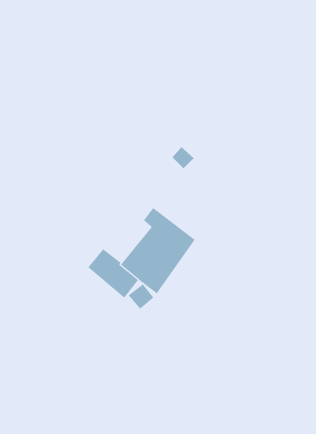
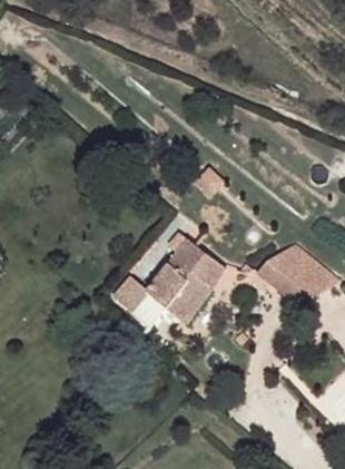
building: none -> [257,246,339,306]

